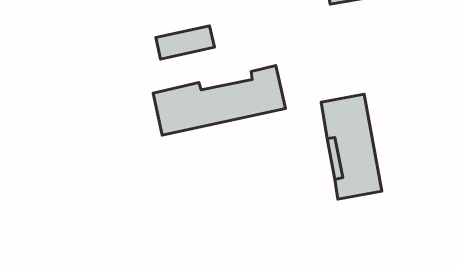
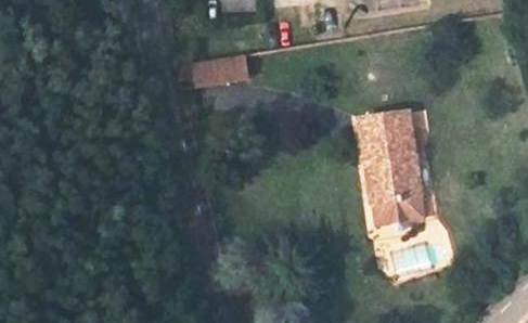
building: [153,65,286,135] -> none

